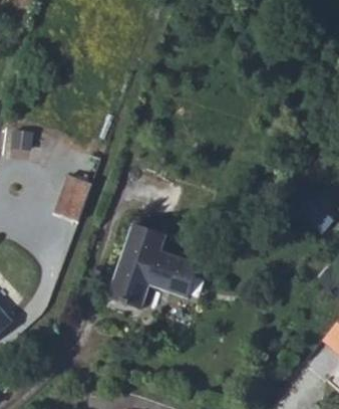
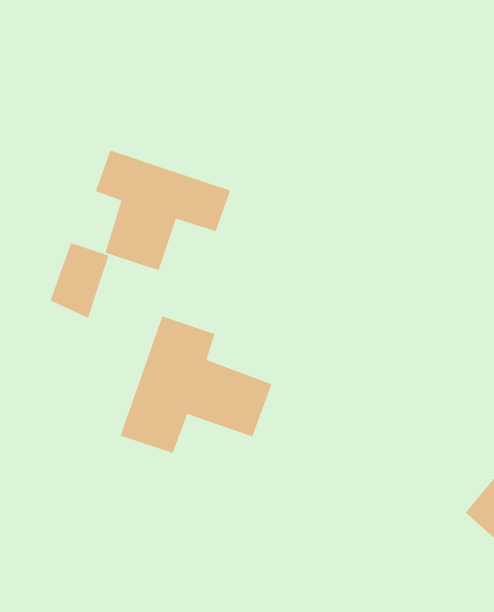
building: none -> [95,149,231,271]

